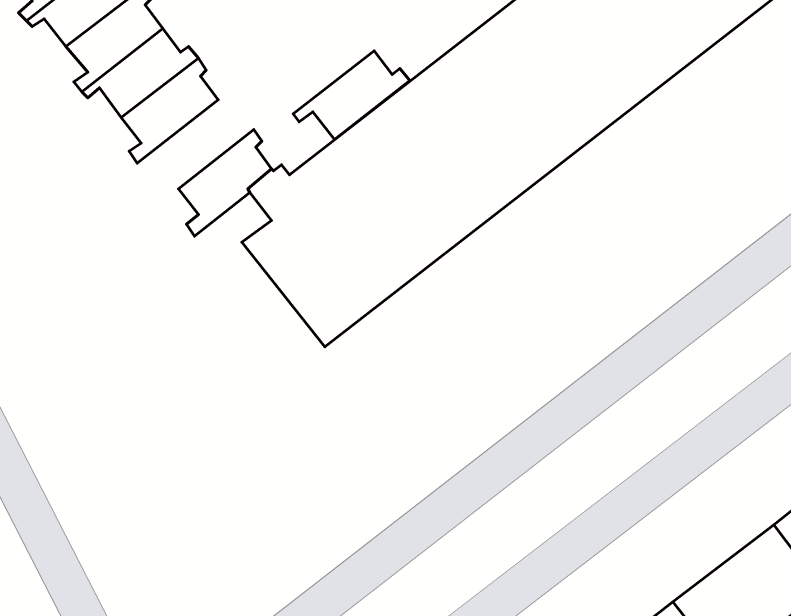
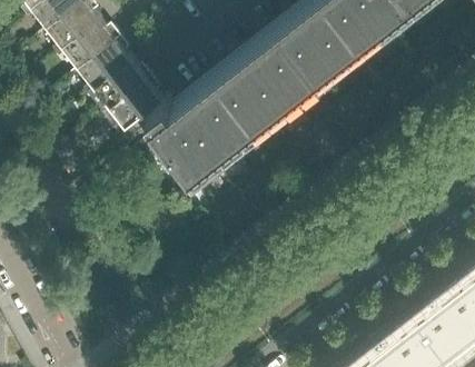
building: [293,51,410,140] -> [86,58,151,108]

